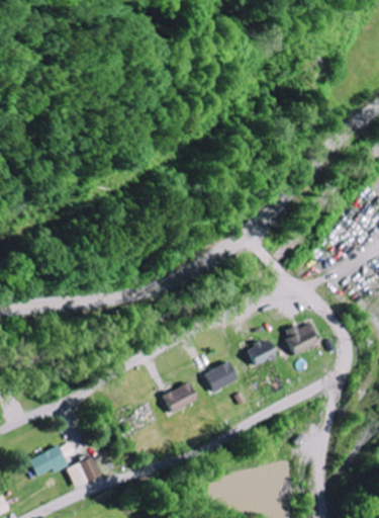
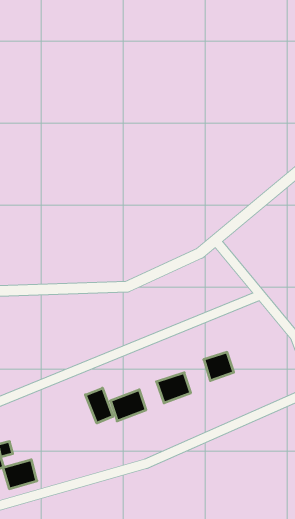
building: [284,322,322,355] -> none
building: none -> [85,388,113,423]

